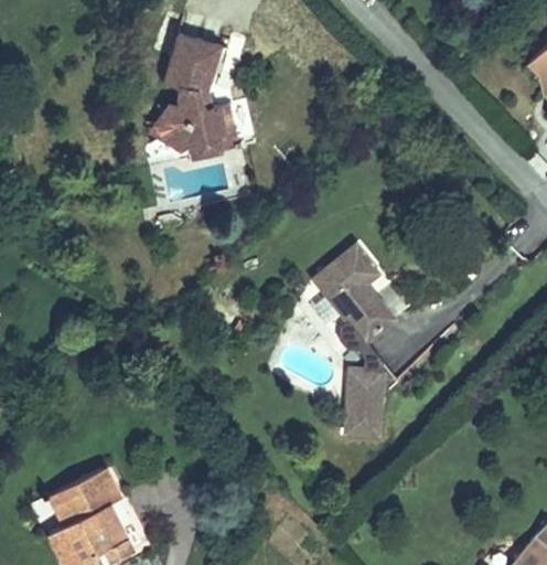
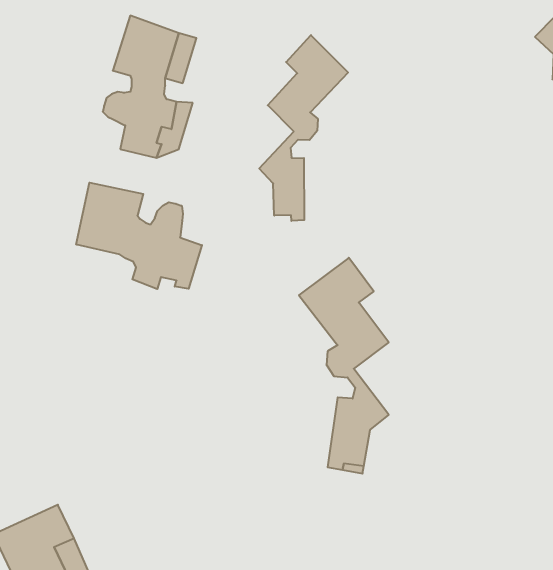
building: none -> [259,35,348,221]
building: none -> [76,183,202,289]

